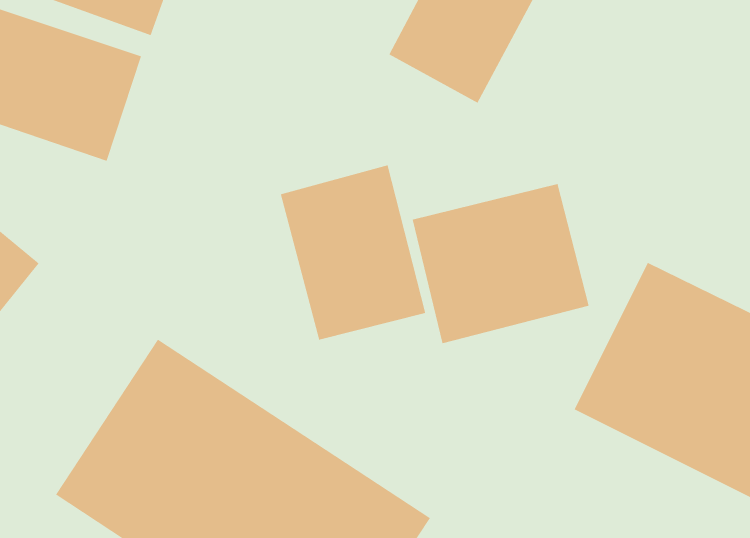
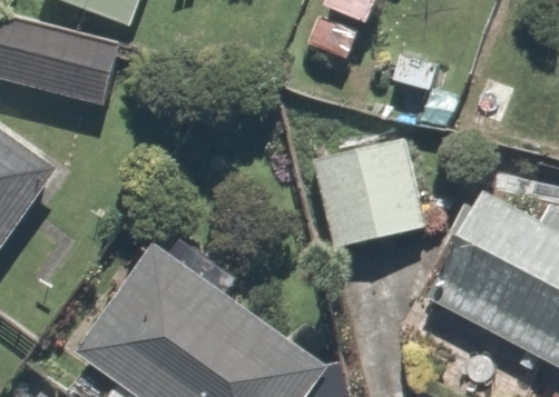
building: [280,165,426,341] -> none

